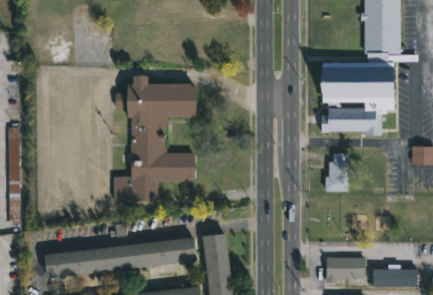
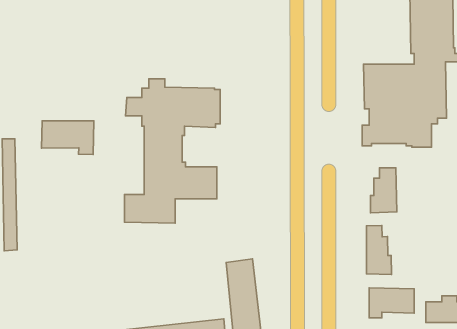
building: none -> [41,121,94,155]
building: none -> [366,225,392,274]
building: [44,237,197,277] -> none

